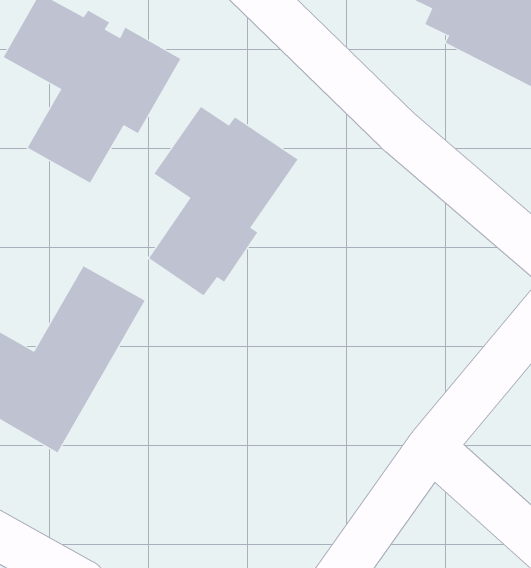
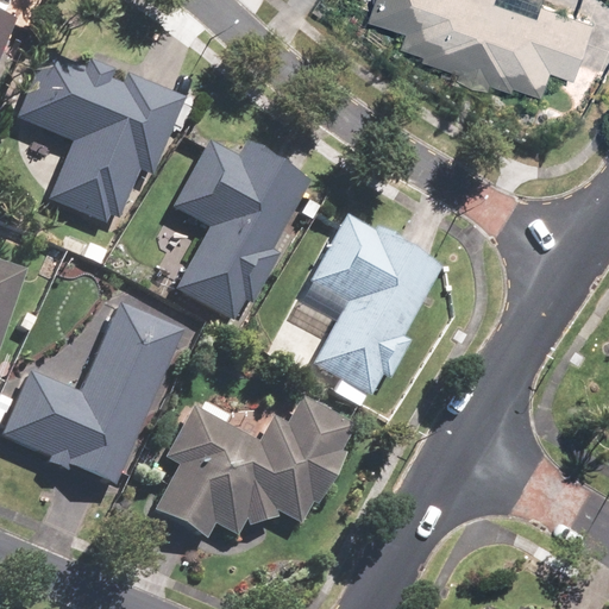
building: none -> [308,213,441,394]
building: none -> [155,397,353,536]

